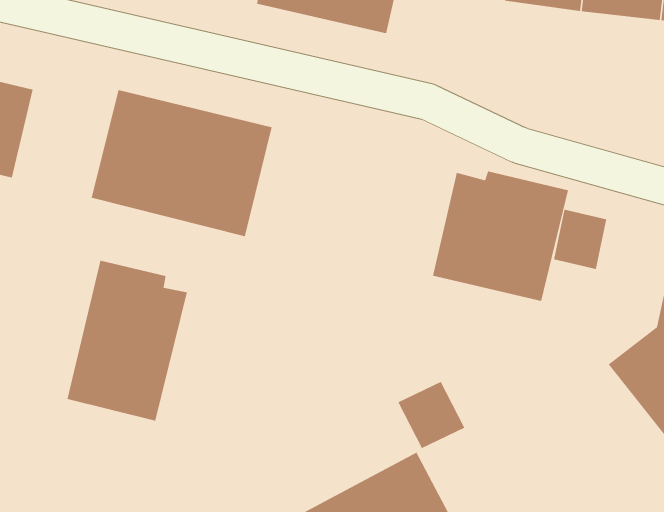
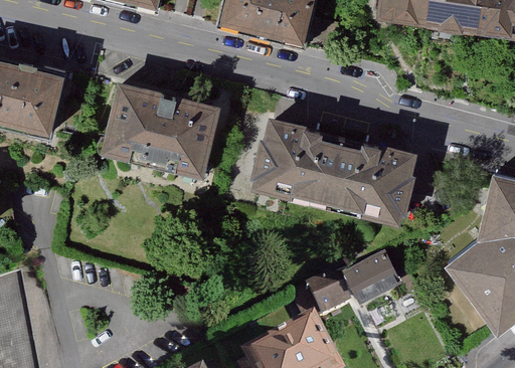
building: none -> [250,111,345,204]
building: [554,209,607,270] -> none
building: [67,260,188,421] -> none
building: none -> [346,248,403,299]

